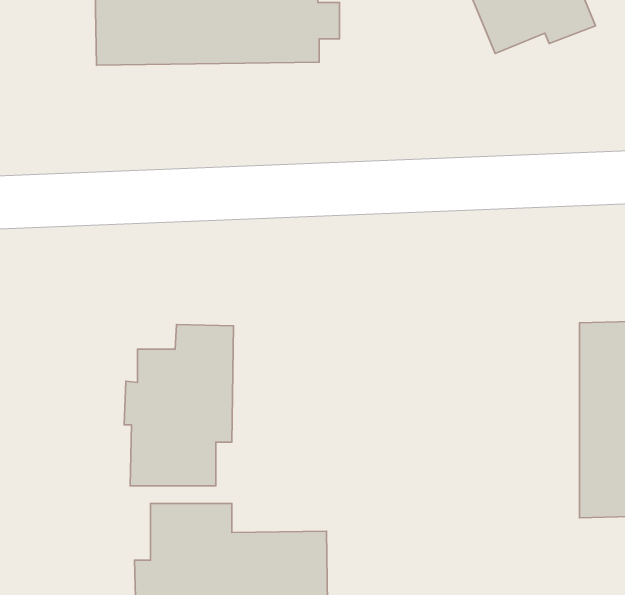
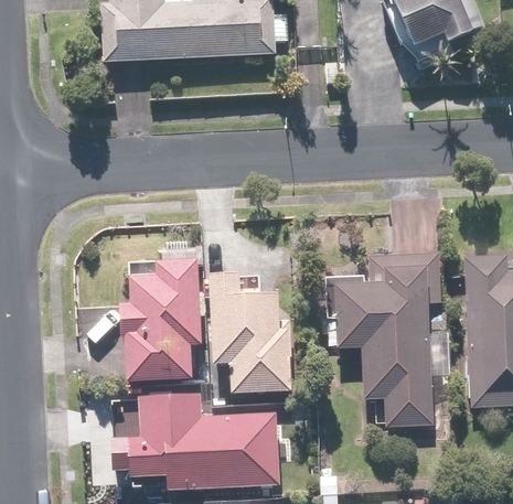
building: none -> [335,256,440,428]
building: none -> [212,275,290,392]

